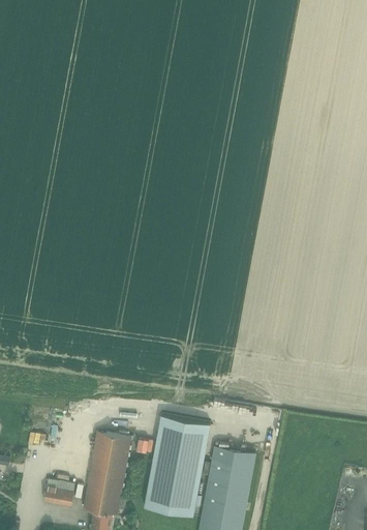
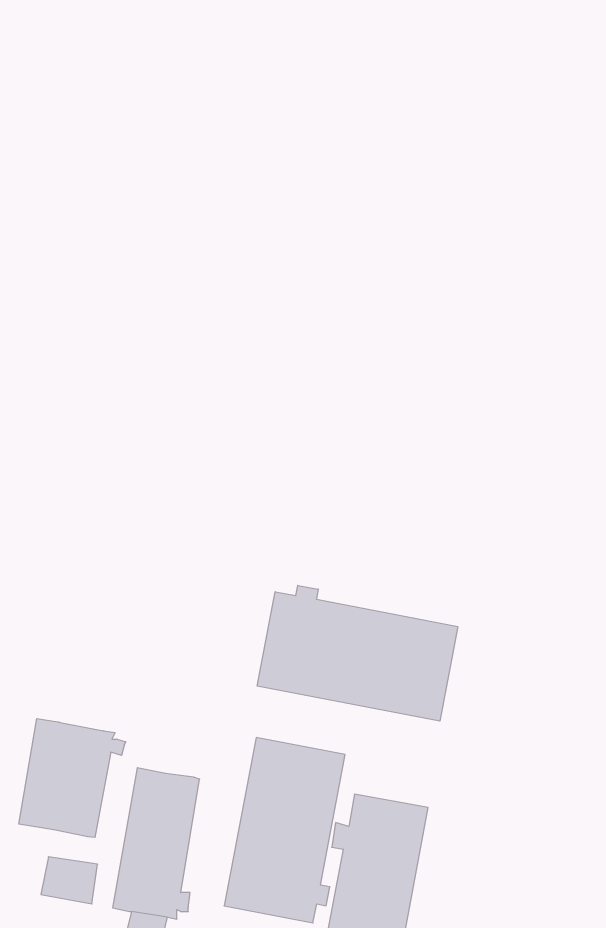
building: none -> [257,585,458,721]
building: none -> [19,719,126,837]

